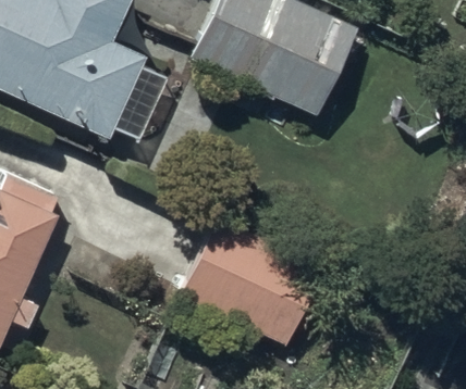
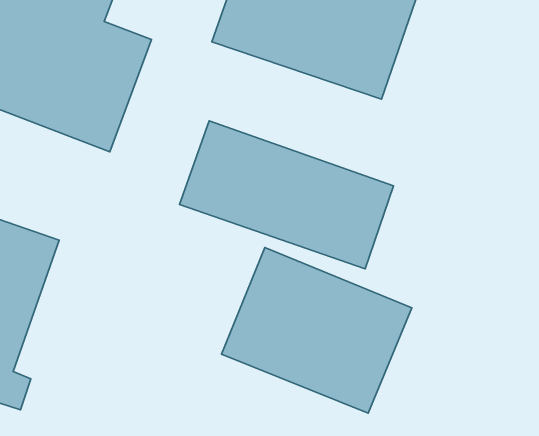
building: none -> [180,121,393,269]

